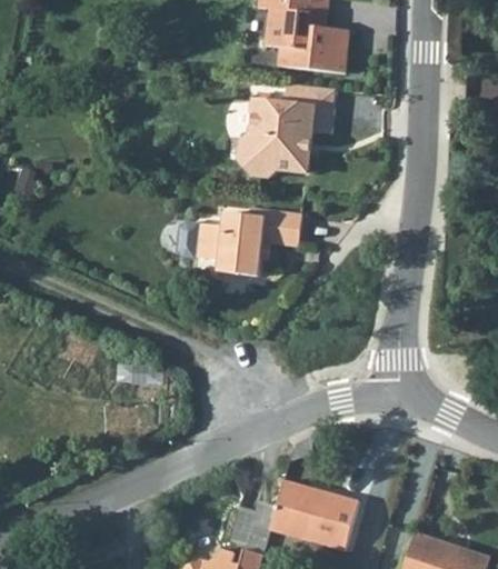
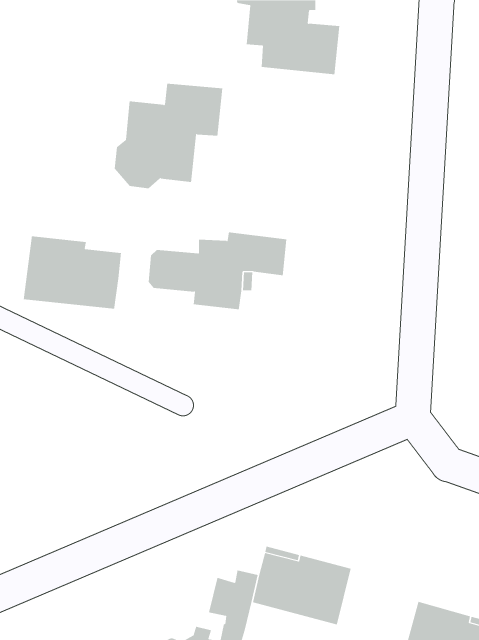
building: [239,80,336,173] -> [114,83,223,189]
building: none -> [23,236,121,310]

